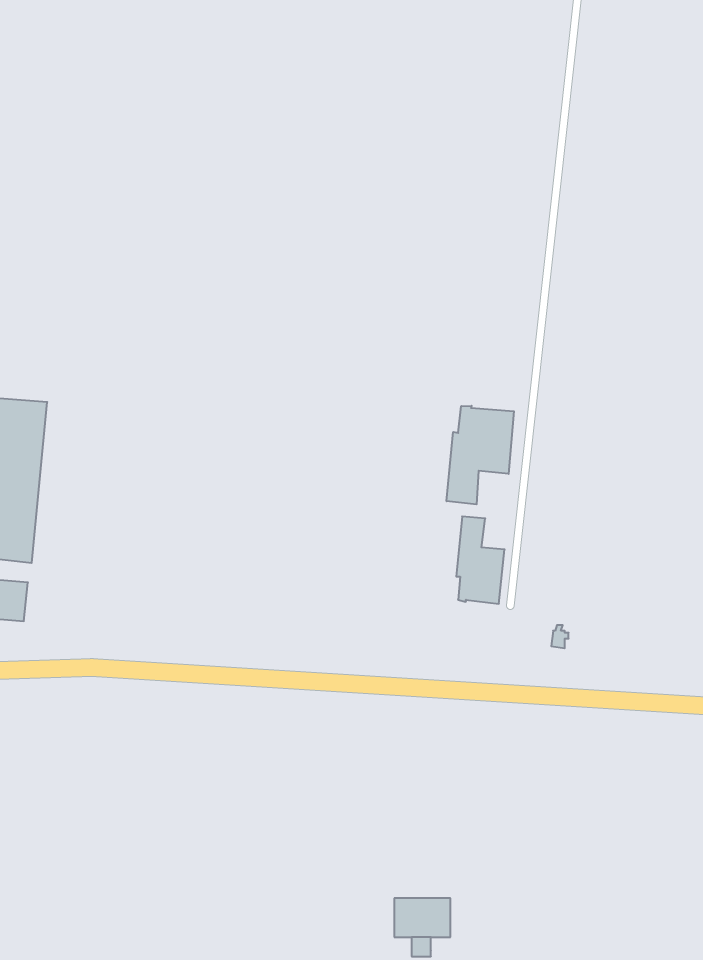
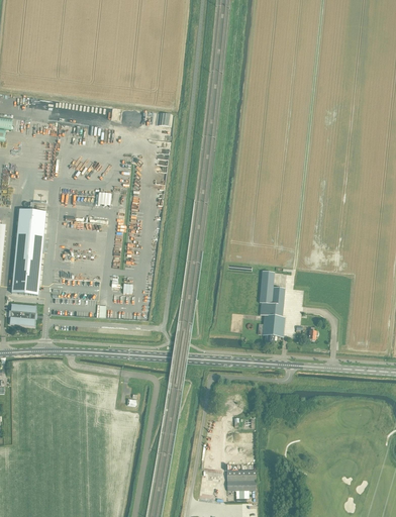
building: [447,406,514,504] -> none
building: none -> [262,314,284,344]

